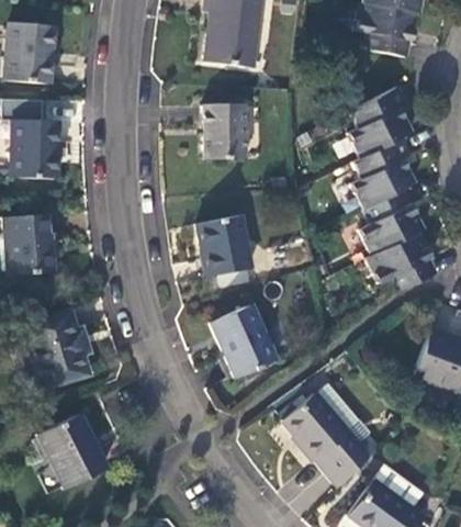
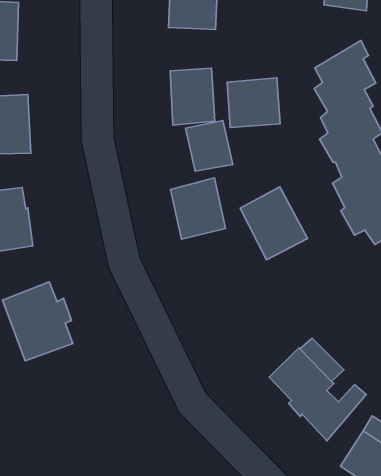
building: none -> [227,78,280,127]
building: none -> [186,121,233,171]
building: [212,304,278,377] -> [240,187,307,260]
building: [37,412,109,489] -> none

